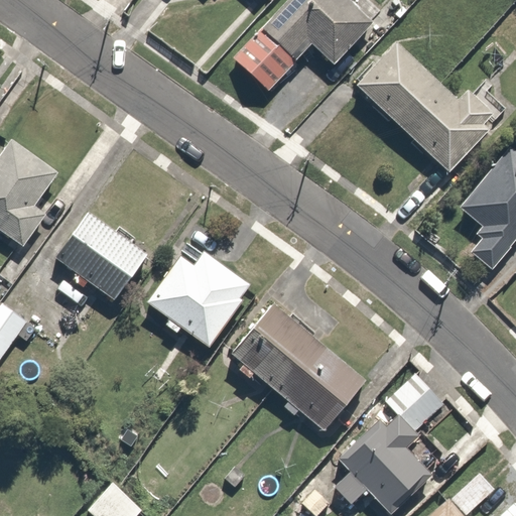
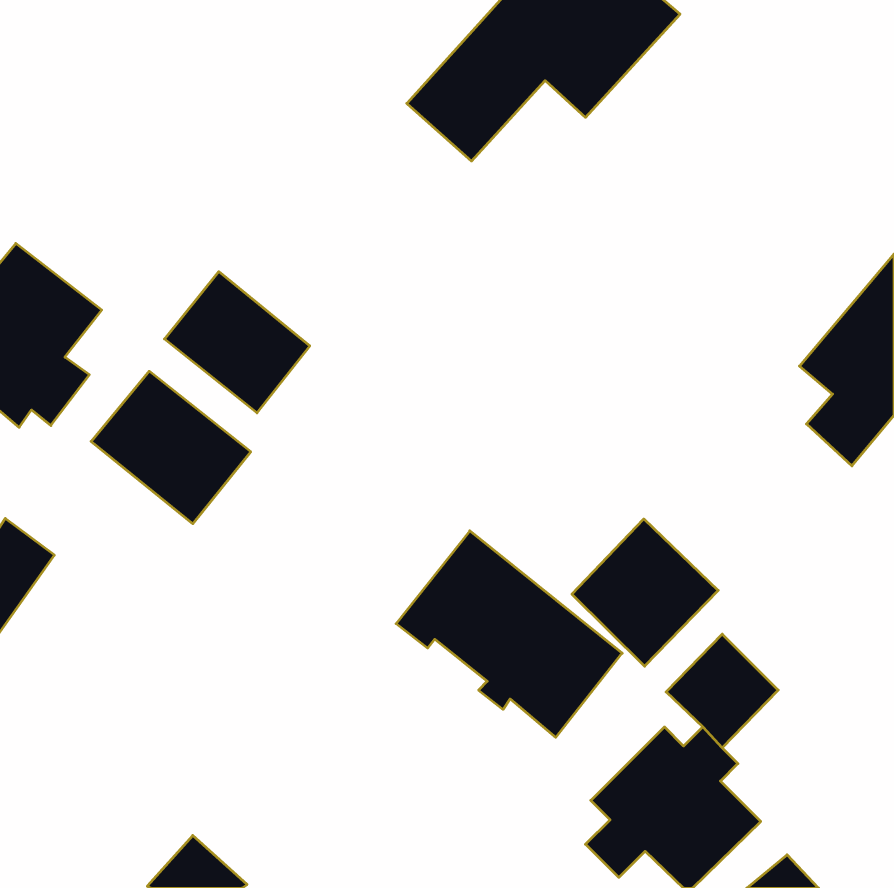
building: [359,43,498,170] -> none
building: none -> [164,272,310,413]
building: [146,253,260,350] -> none
building: none -> [572,519,718,666]

